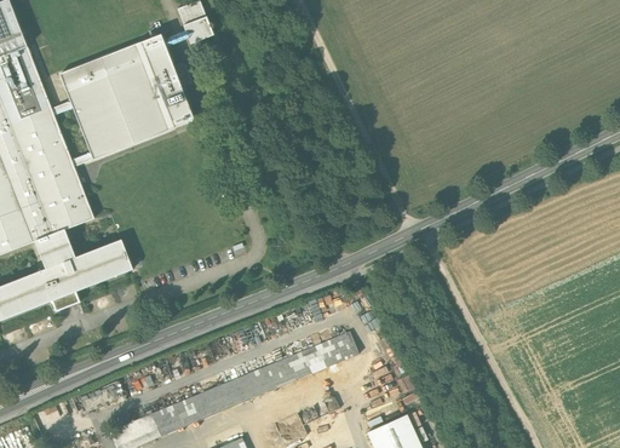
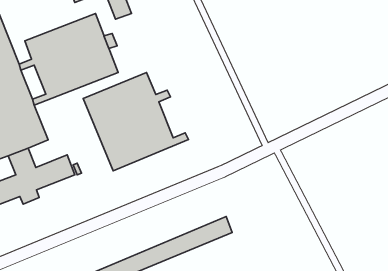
building: none -> [83,72,188,171]

